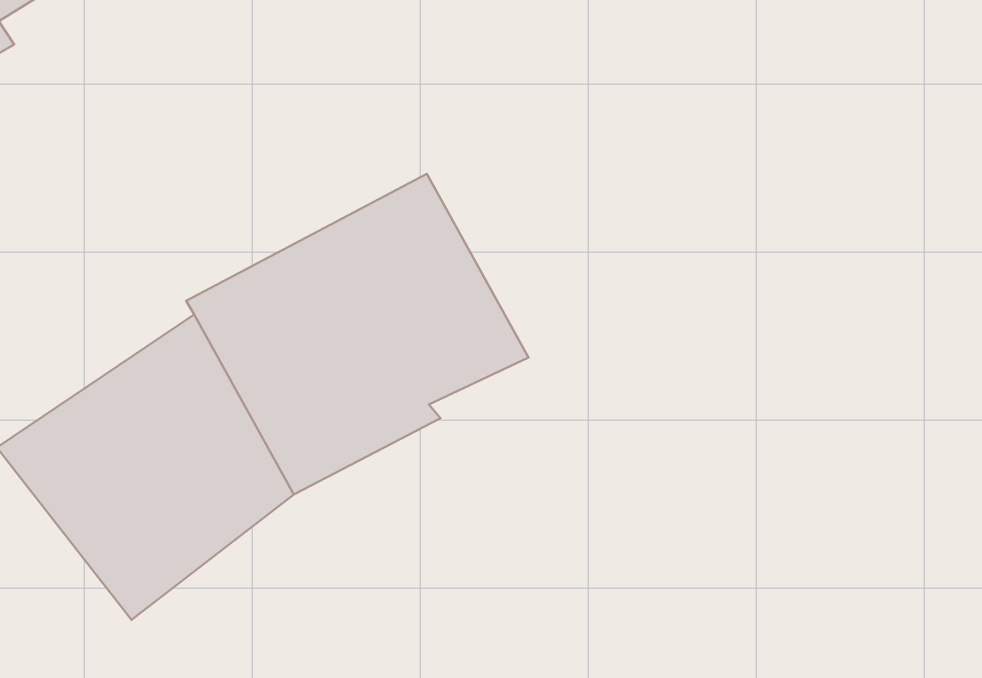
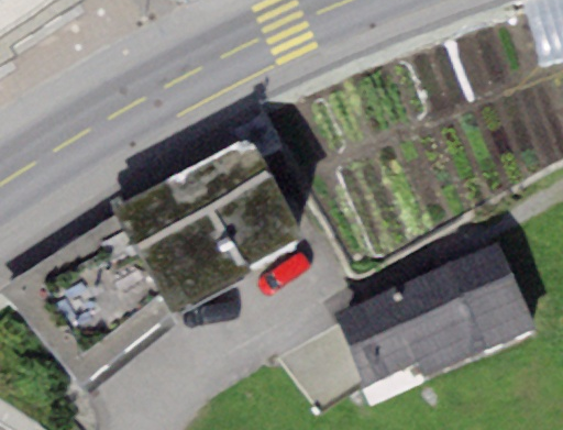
building: none -> [335,241,538,382]

